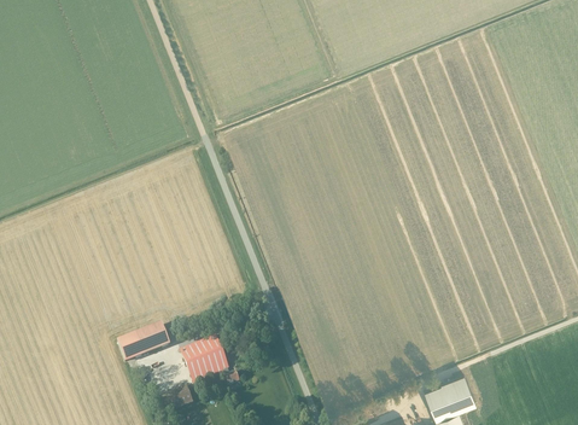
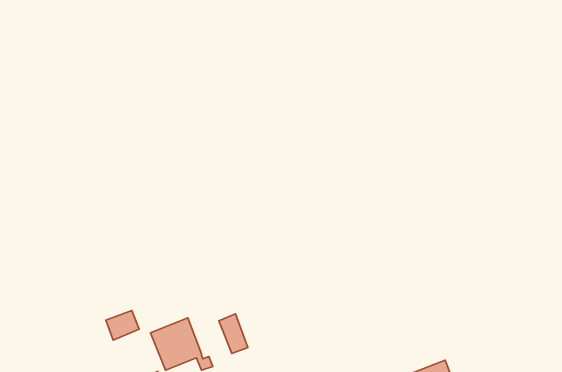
building: none -> [219,314,248,353]

